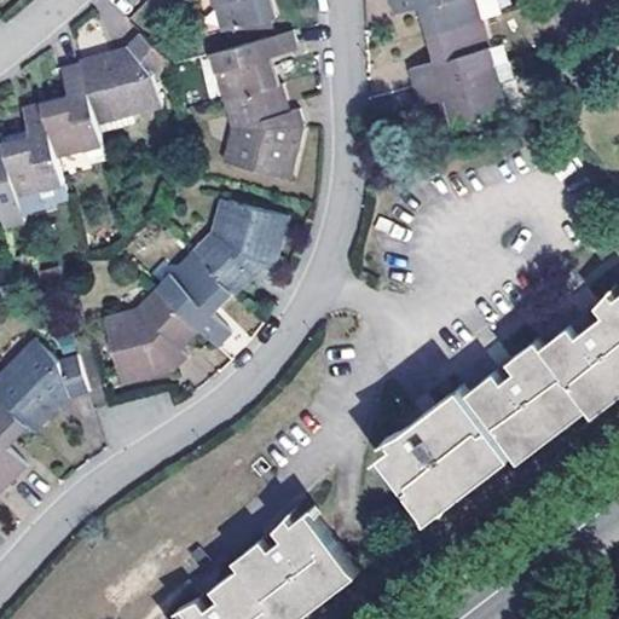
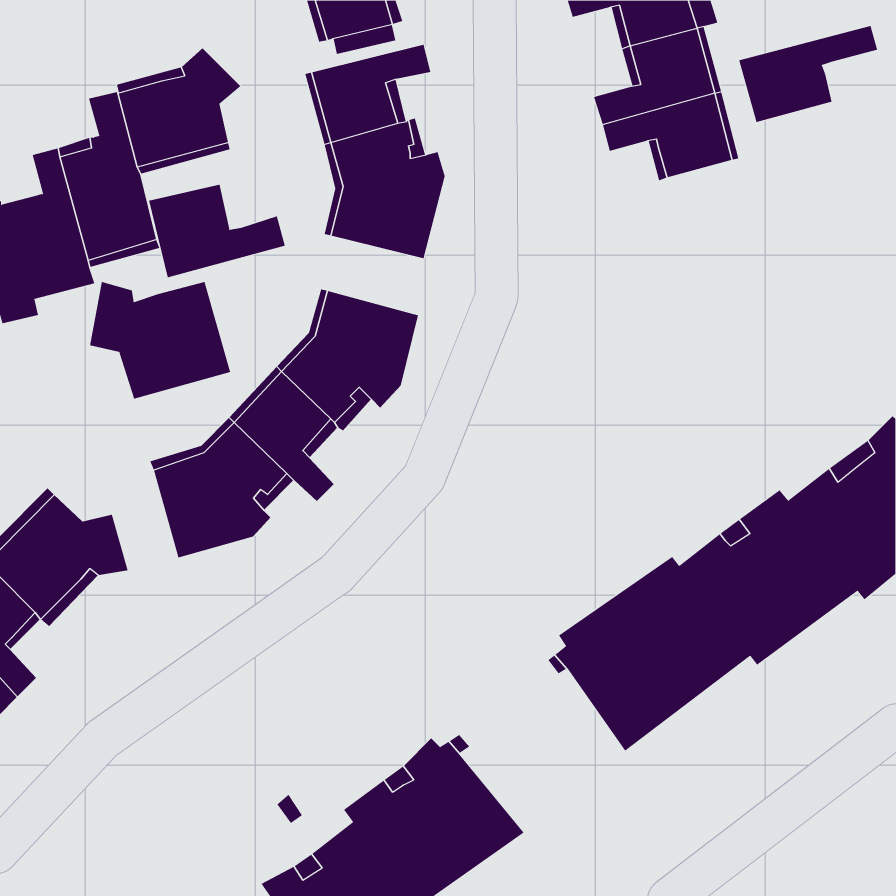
building: none -> [739,25,878,123]
building: none -> [148,184,285,278]
building: none -> [89,281,231,400]

